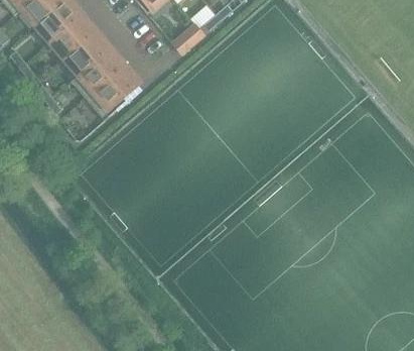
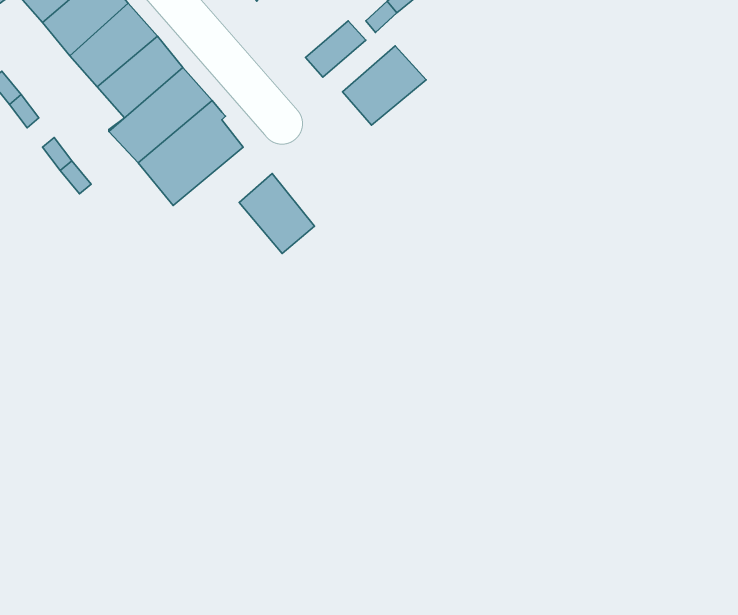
building: none -> [343,46,426,125]
building: none -> [239,174,315,253]

